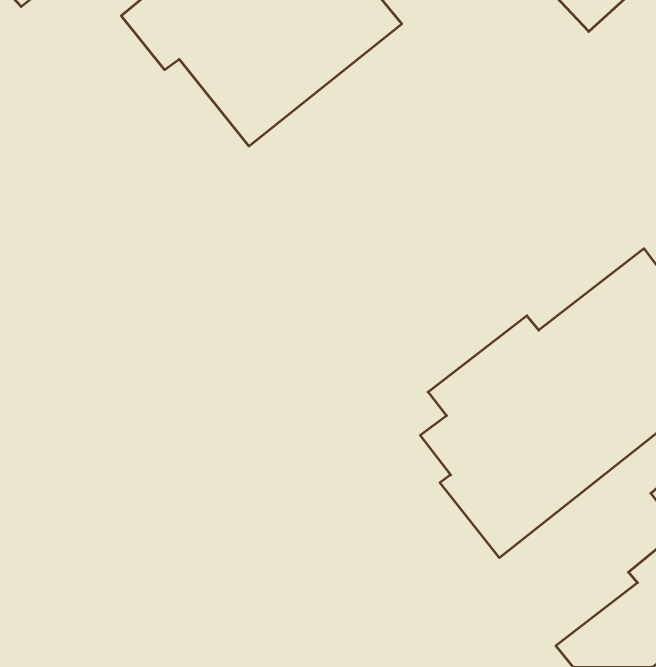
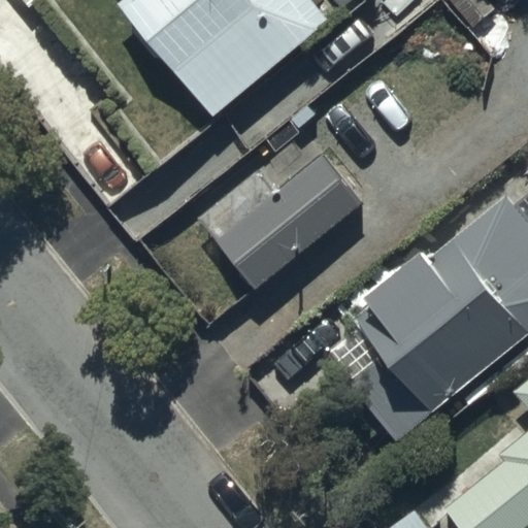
building: none -> [194,123,373,292]

